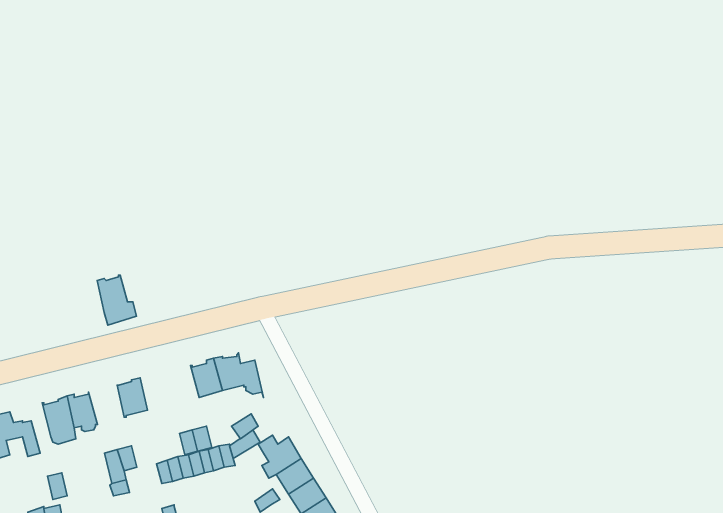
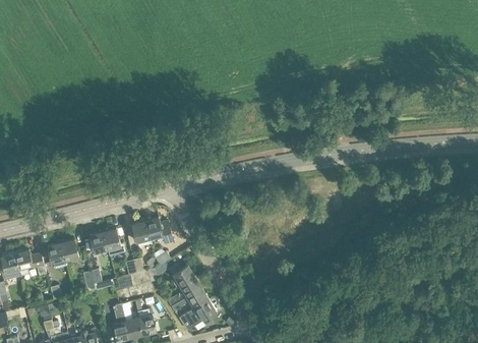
building: [97,275,136,325] -> [102,228,124,256]

